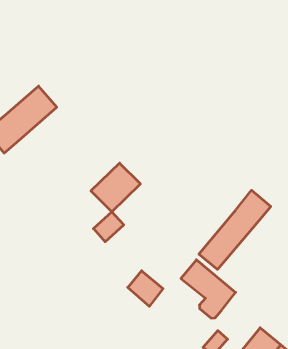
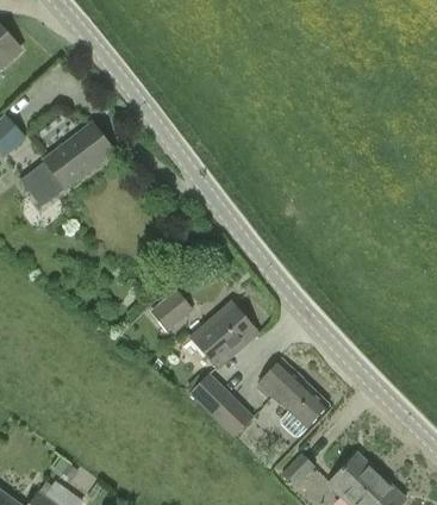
building: [91,163,140,212] -> [192,304,256,366]
building: [199,190,271,269] -> none
building: none -> [216,394,255,434]

